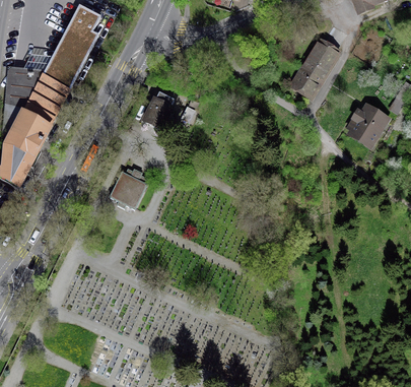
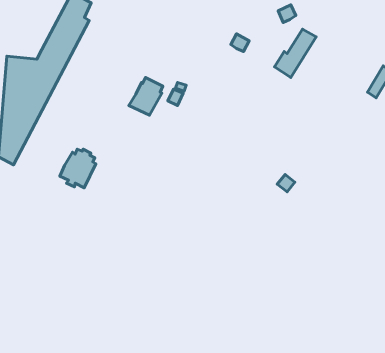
building: [345,105,390,152] -> none
building: [109,169,146,209] -> [60,149,96,188]

